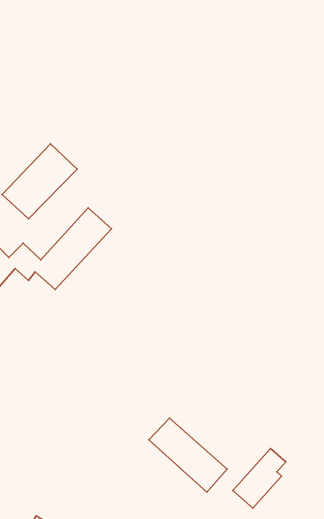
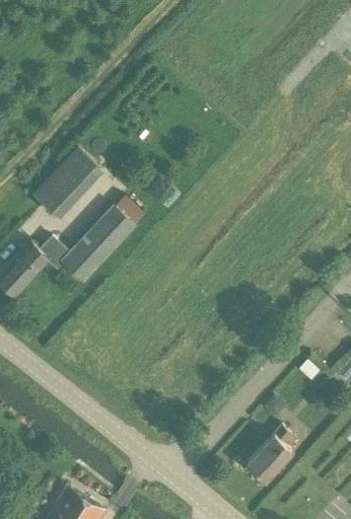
building: [149,418,227,492] -> none

